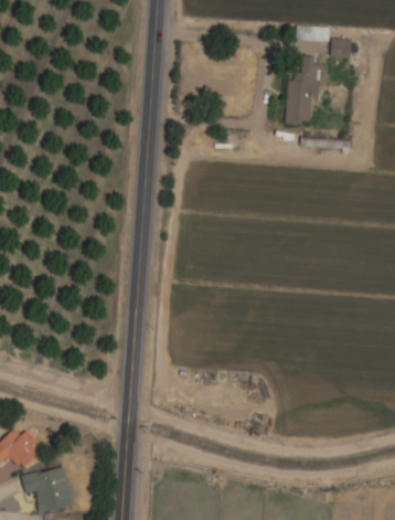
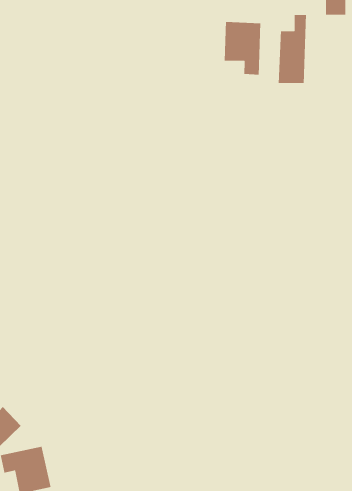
building: none -> [224,21,261,76]

